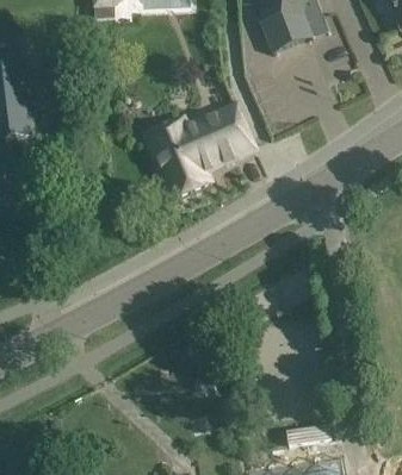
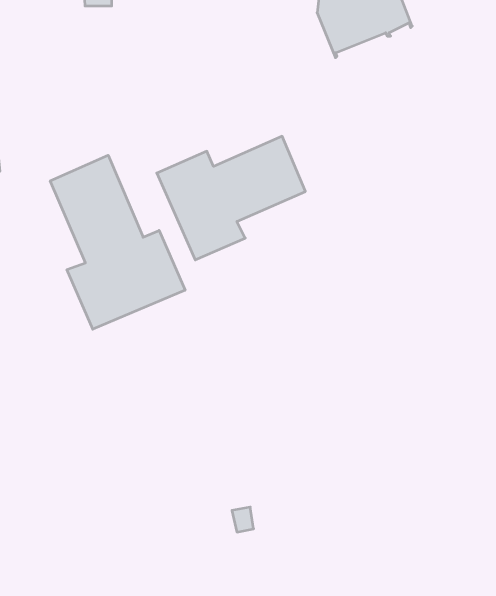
building: none -> [50,155,185,329]

